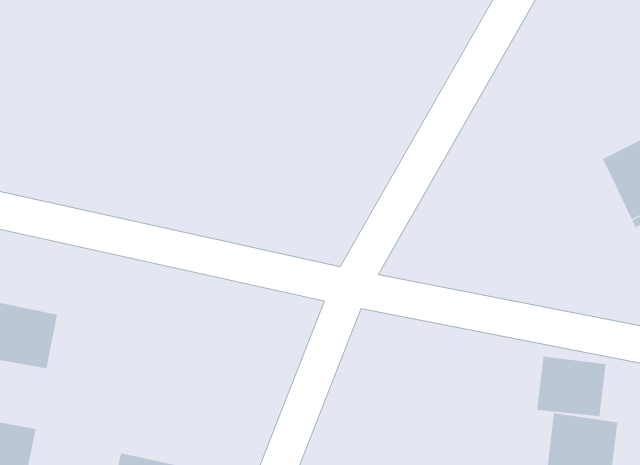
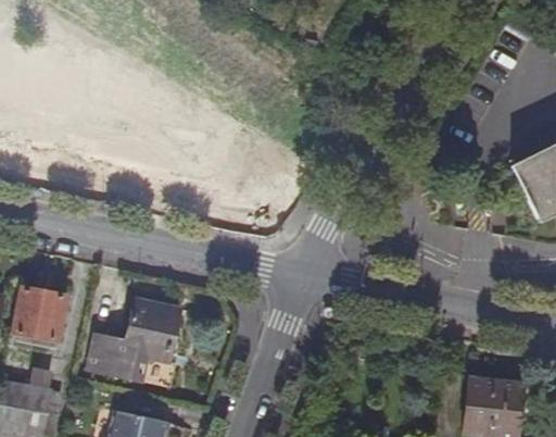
building: none -> [88,298,178,380]
building: [536,356,606,417] -> none

